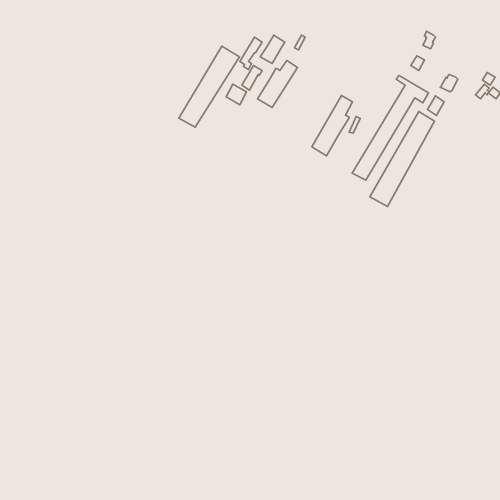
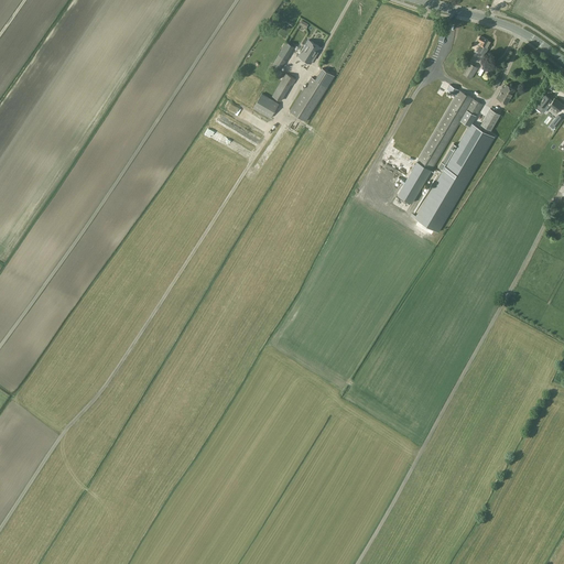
building: [179,46,240,127] -> none
building: [312,96,353,156] -> none

